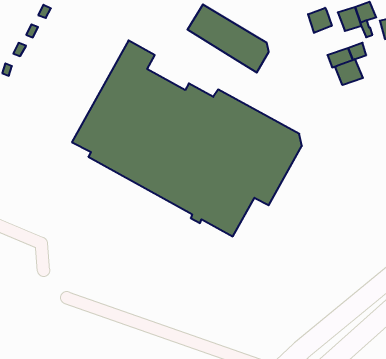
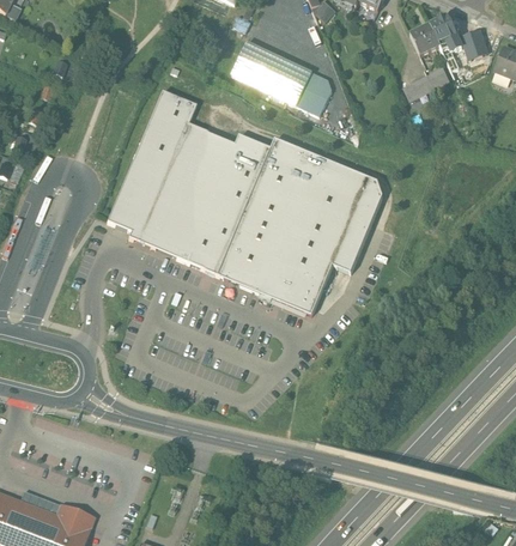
building: [308,8,332,33] -> none
building: [335,59,363,85] -> none

